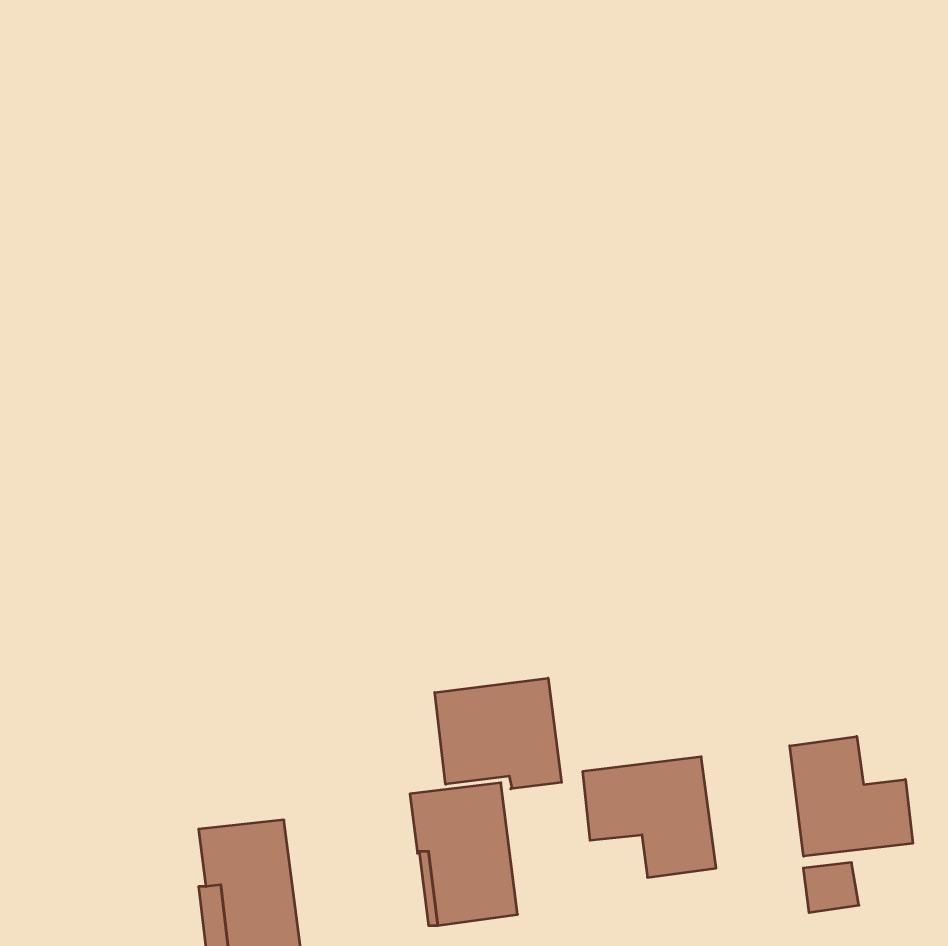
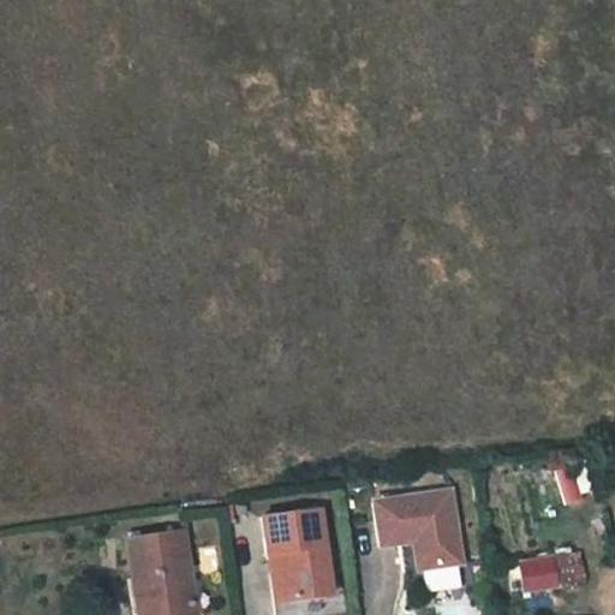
building: [435,678,562,789] -> none
building: [790,736,913,856] -> none

